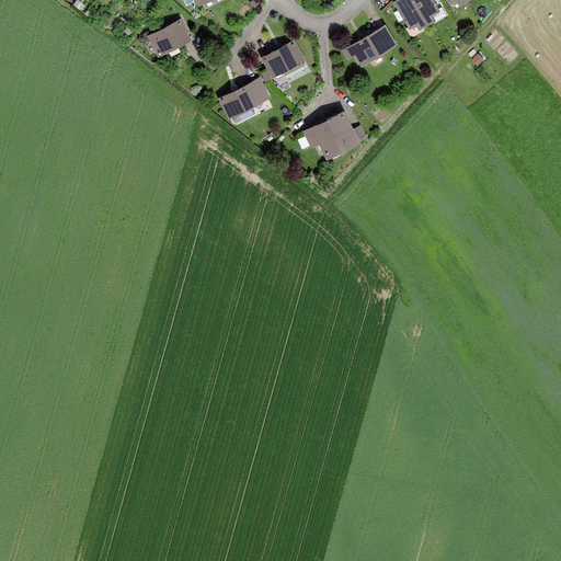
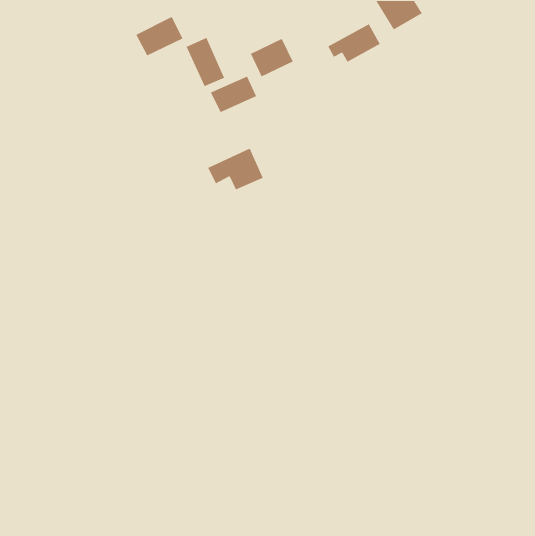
building: none -> [185,37,225,87]
building: [301,111,360,156] -> [207,148,264,191]

